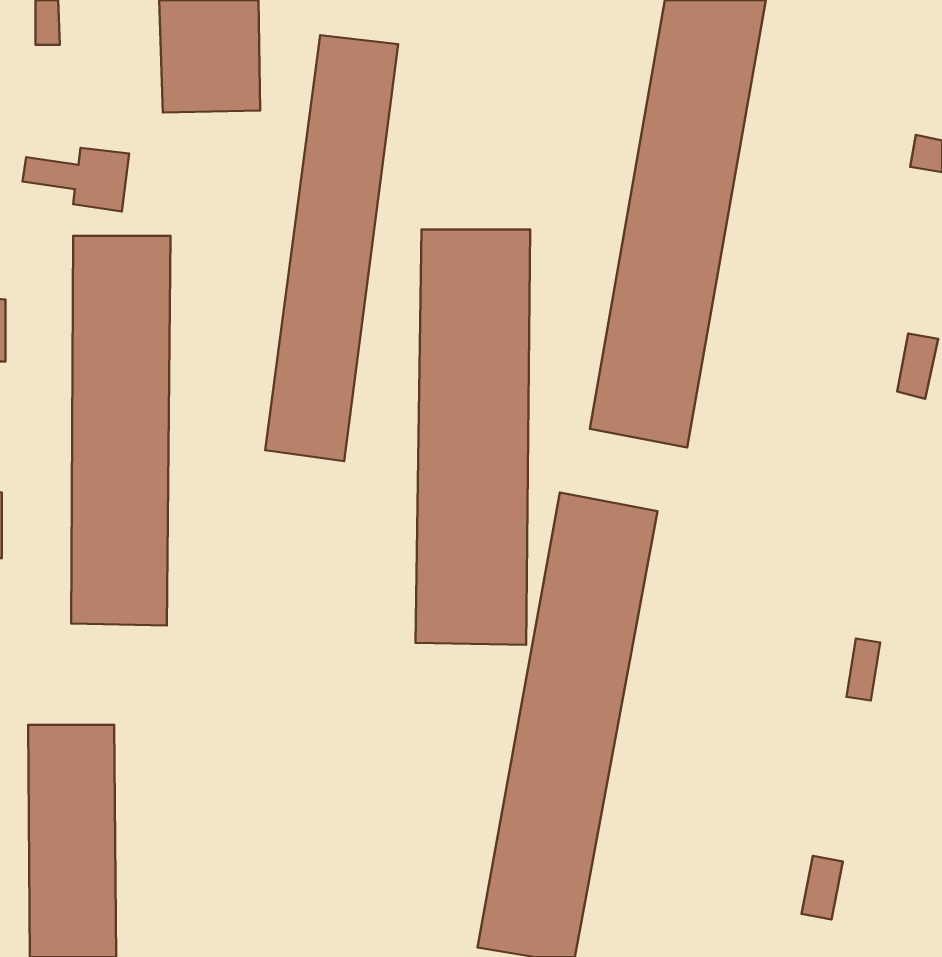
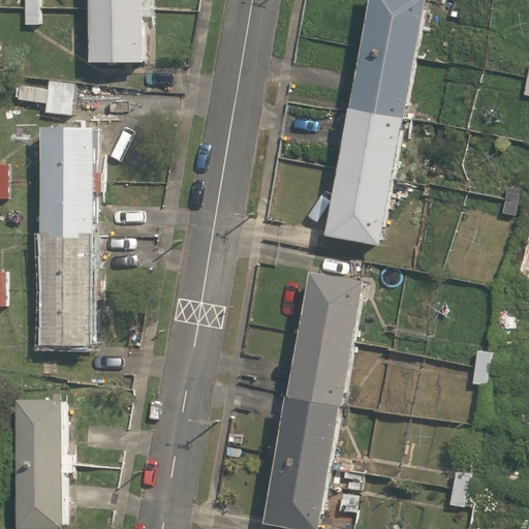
building: [265,35,398,461] -> none
building: [415,229,530,645] -> none

